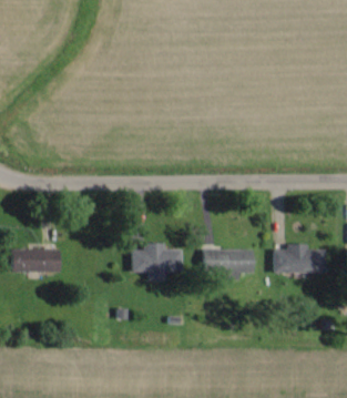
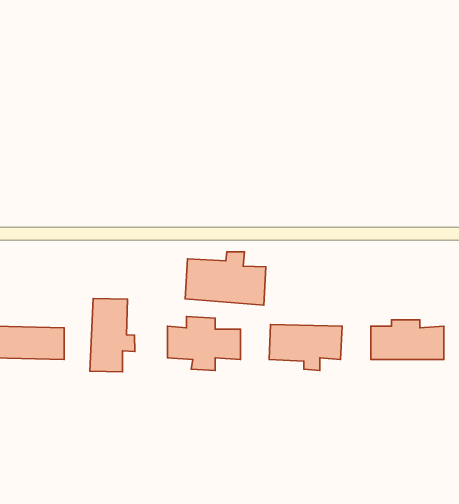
building: none -> [185,252,266,305]
building: none -> [90,298,135,372]

